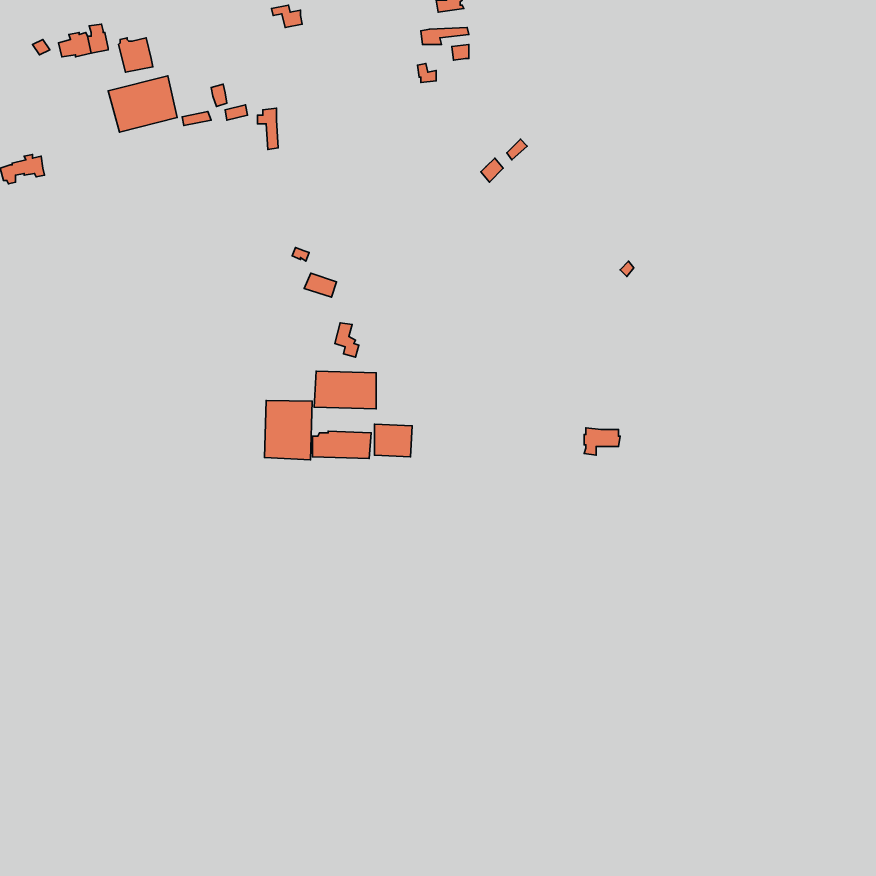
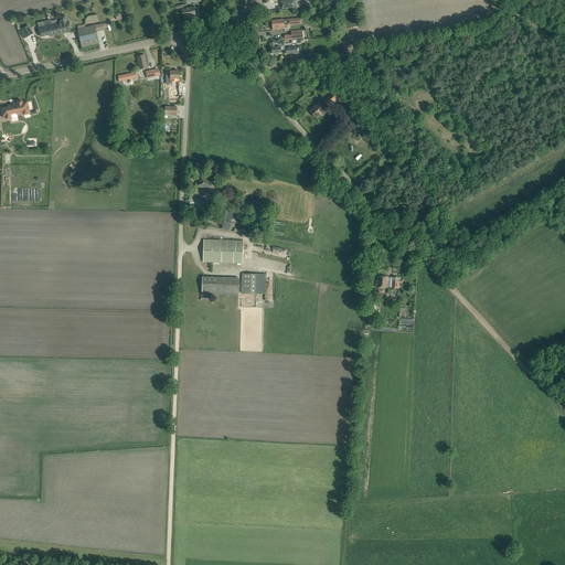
building: [108,76,177,132] -> none
building: [265,400,312,460] -> none

